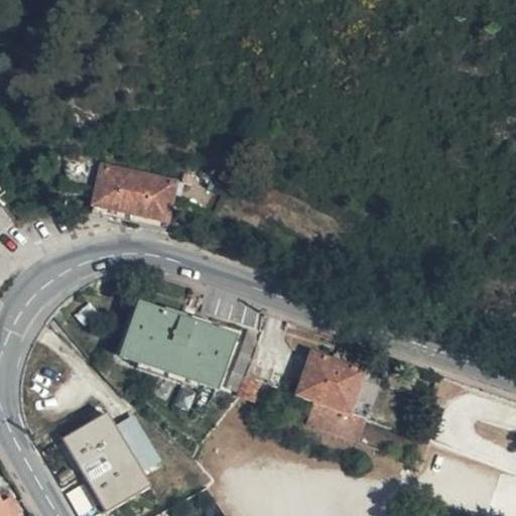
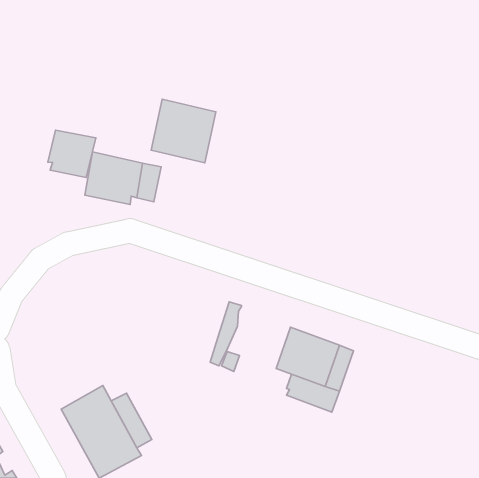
building: none -> [151,99,216,163]
building: none -> [48,130,96,178]
building: [116,296,230,387] -> none

